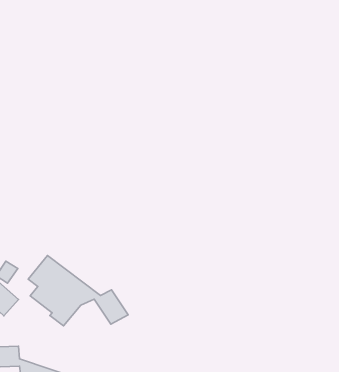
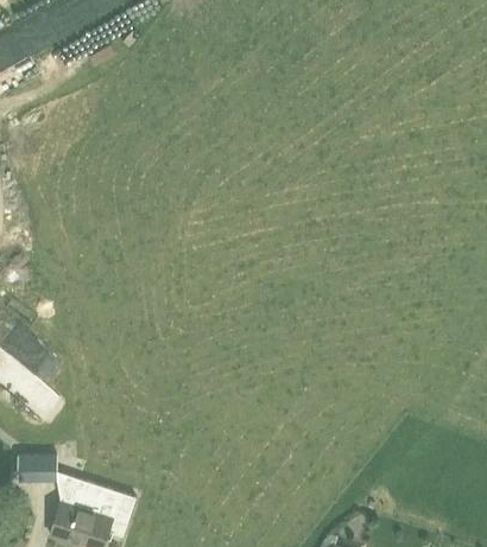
building: [28,255,128,326] -> none

